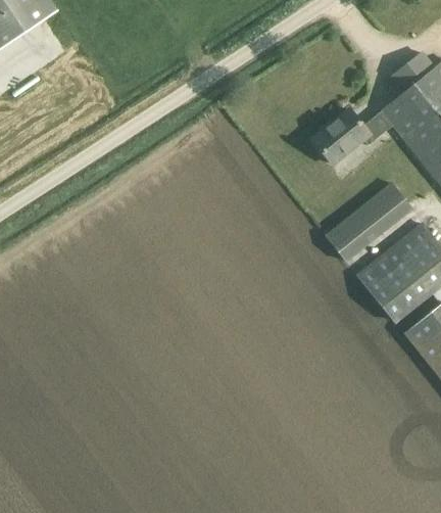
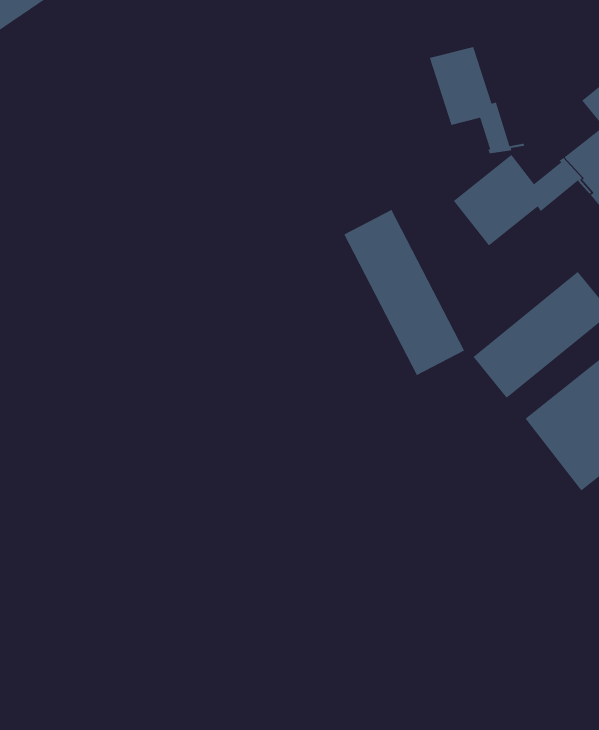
building: none -> [429,46,525,154]
building: none -> [343,209,465,376]

